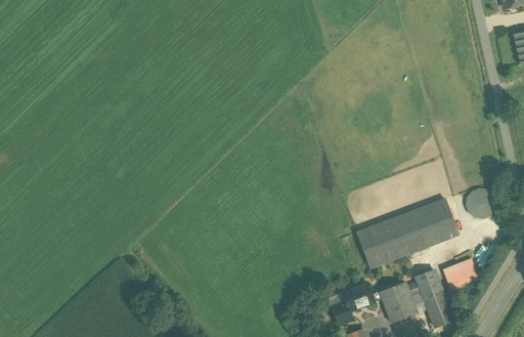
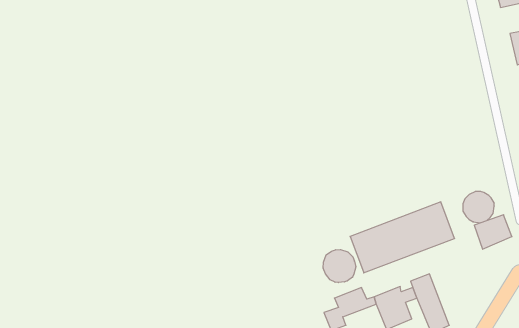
building: none -> [323,250,356,283]
building: [442,259,479,293] -> [474,215,512,249]

